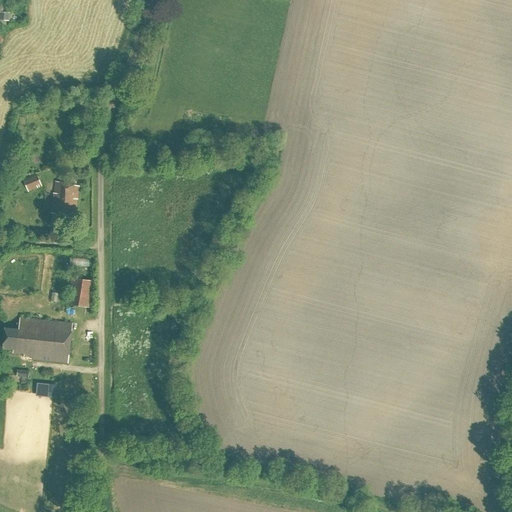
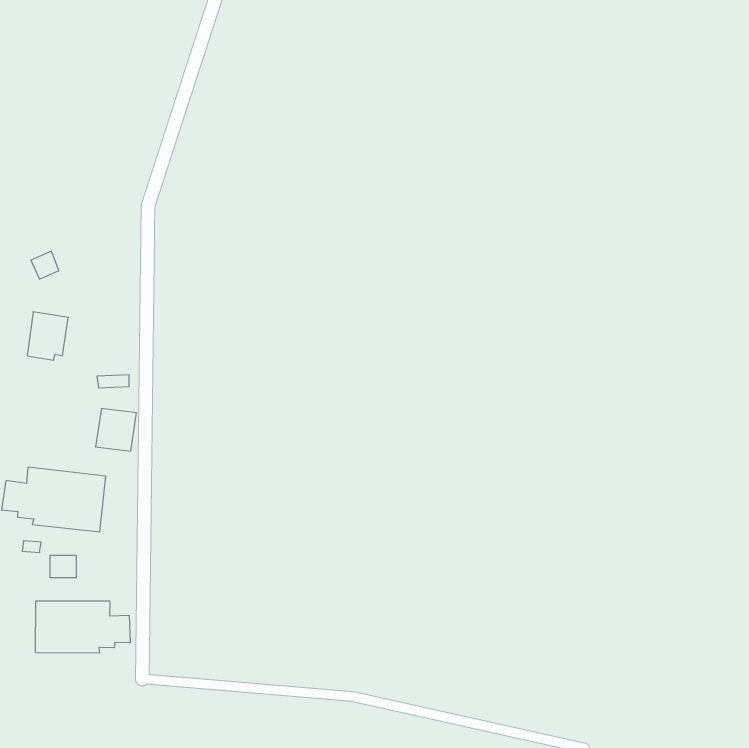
building: [50,181,78,214] -> [27,312,68,360]
building: none -> [36,601,130,653]

